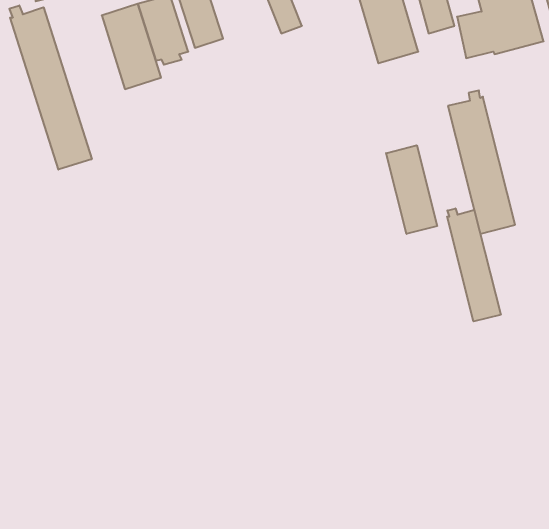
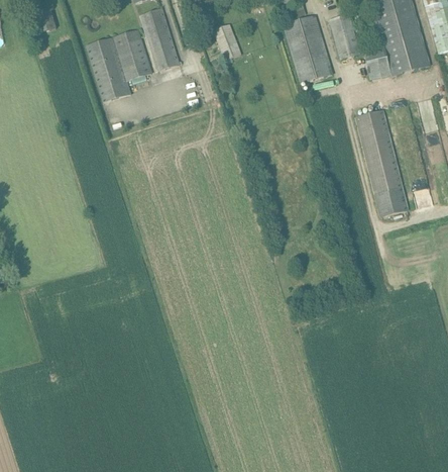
building: [9,5,92,170] -> none
building: [386,145,437,234] -> none
building: [447,208,501,321] -> none

